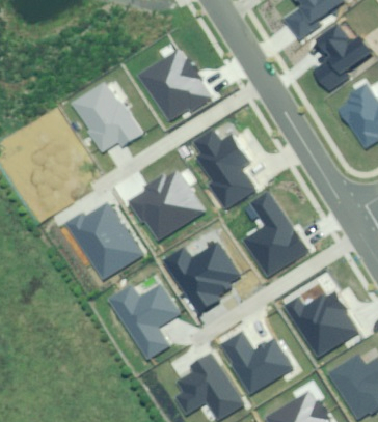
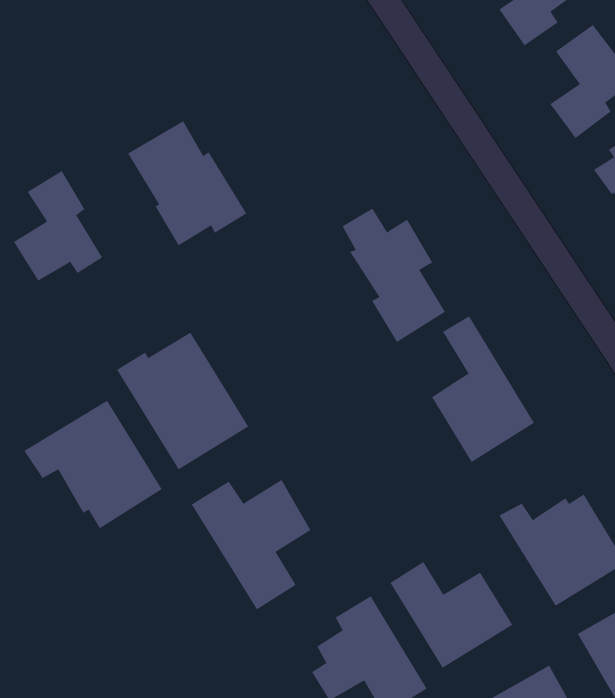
building: [143,49,211,117] -> none
building: none -> [13,170,103,281]
building: [130,168,206,238] -> none
building: none -> [23,400,162,529]
building: [166,241,241,311] -> none

